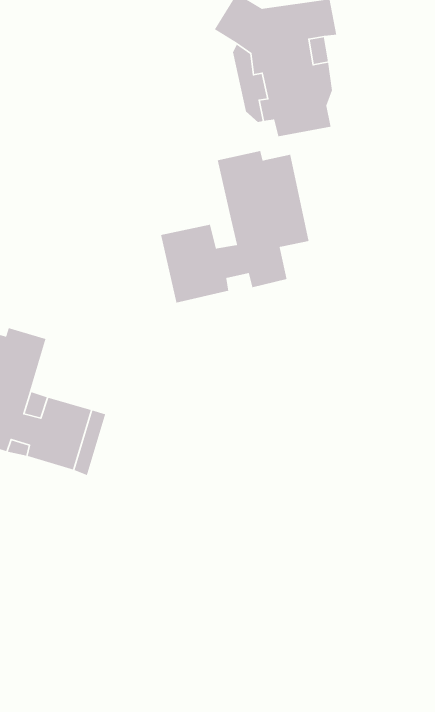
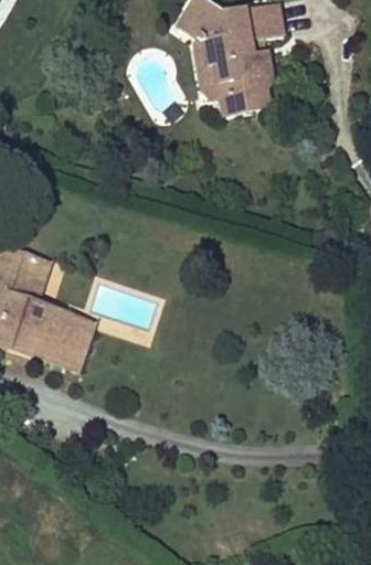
building: [160,150,310,303] -> none

